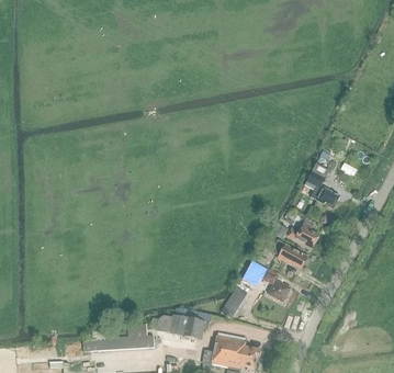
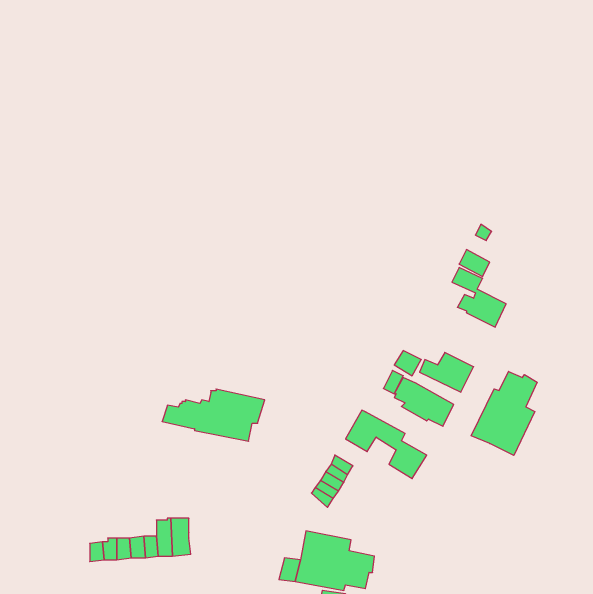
building: none -> [471,371,537,455]
building: [148,307,211,339] -> [162,389,265,441]

